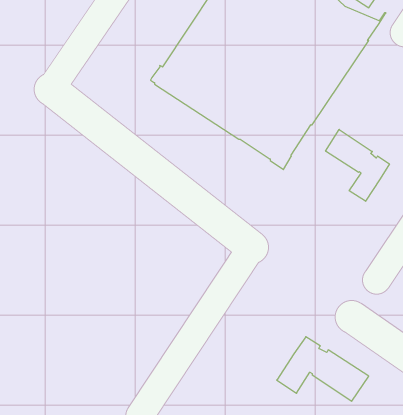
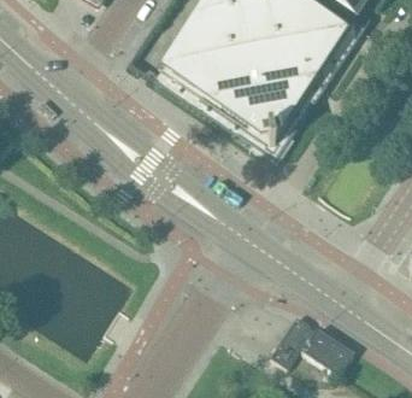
building: [326,129,389,201] -> none

